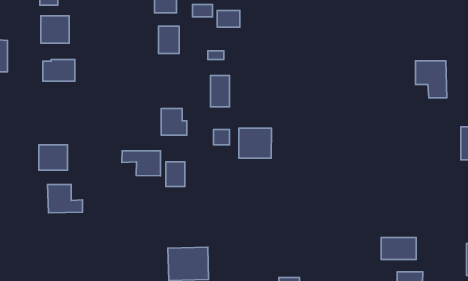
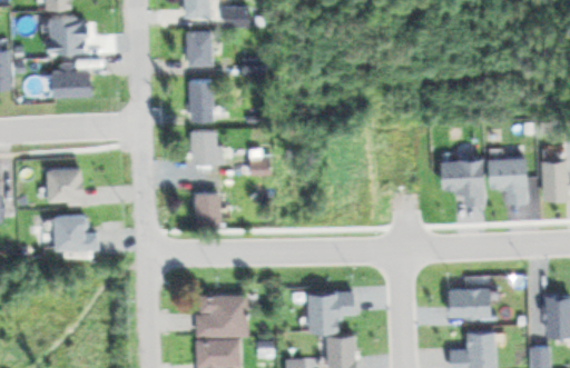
building: [217,10,240,27] -> none
building: [415,61,447,98] -> [492,153,529,197]
building: [210,76,229,107] -> [190,86,213,122]
building: none -> [444,155,484,199]
building: [239,128,271,158] -> none
building: [122,151,161,176] -> none
building: none -> [309,289,354,326]

